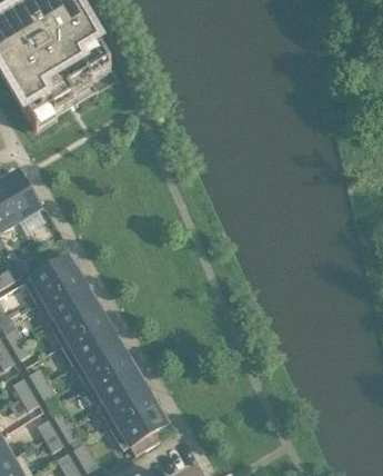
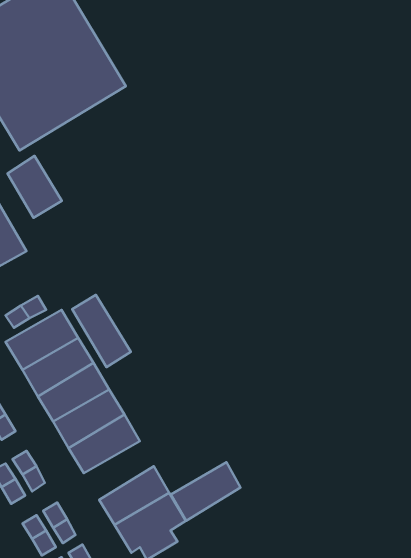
building: none -> [7,156,62,218]
building: none -> [72,295,131,367]
building: [85,357,141,404] -> [171,462,241,521]

